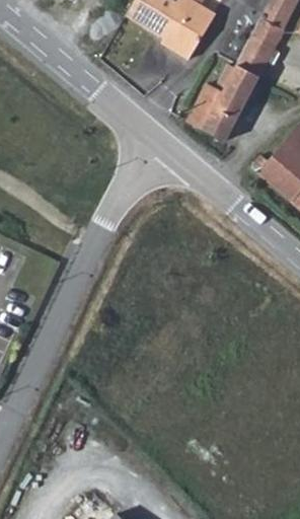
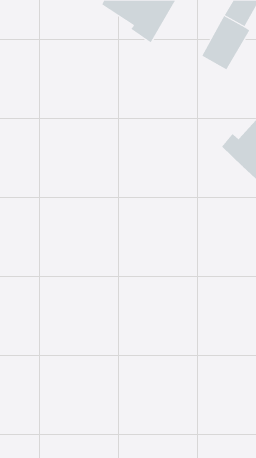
building: [191,63,260,140] -> none

